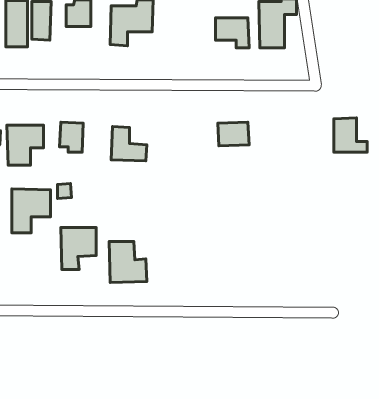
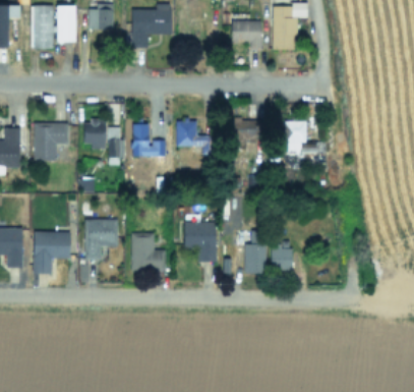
building: [334,118,367,152] -> [285,121,316,154]
building: none -> [176,120,212,156]
building: none -> [108,127,125,157]
building: [12,189,51,233] -> [34,232,70,274]
building: none -> [184,223,217,262]
building: none -> [244,231,267,274]
building: none -> [271,242,292,271]

